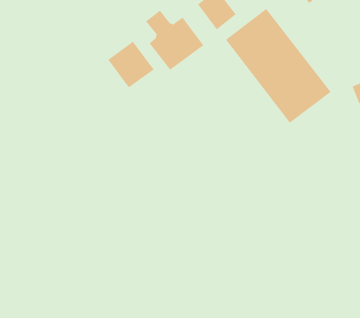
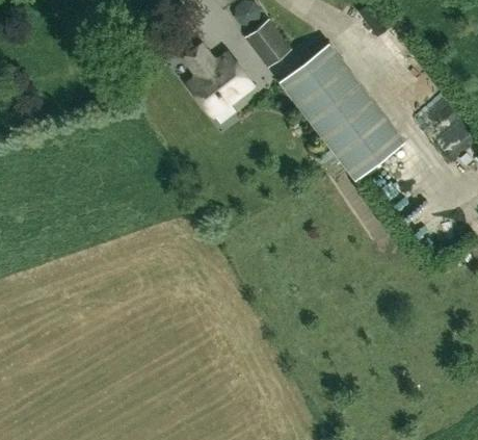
building: [107,41,154,88] -> none

